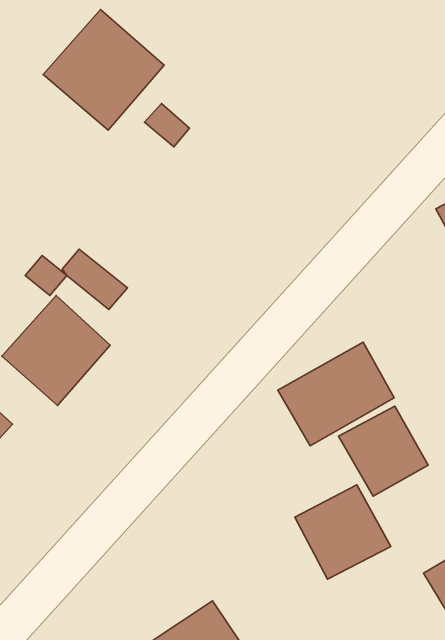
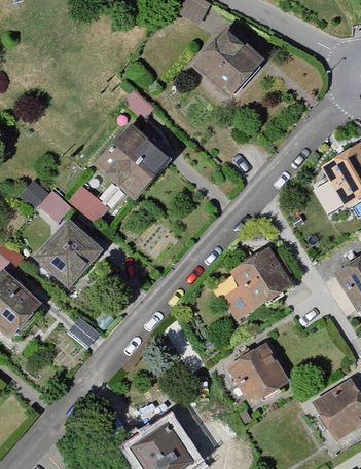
building: [43,9,164,130] -> [88,122,169,202]
building: none -> [193,30,260,96]
building: [339,406,428,496] -> none

